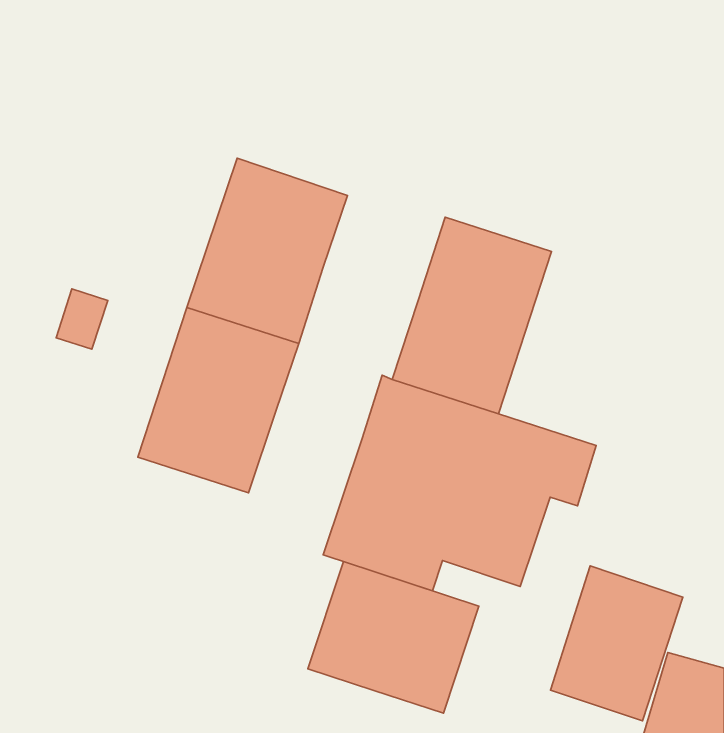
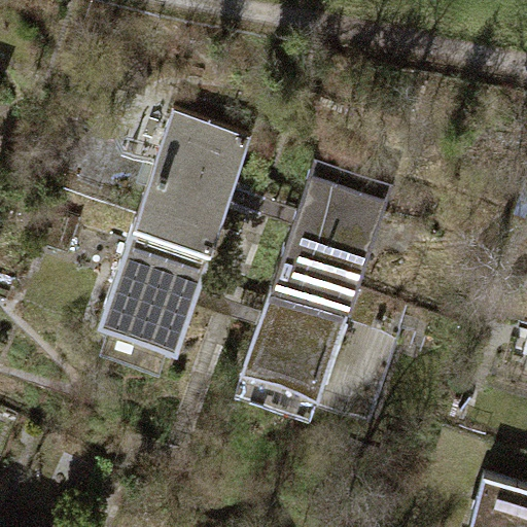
building: [308,561,479,713] -> none
building: [550,566,683,721] -> none

